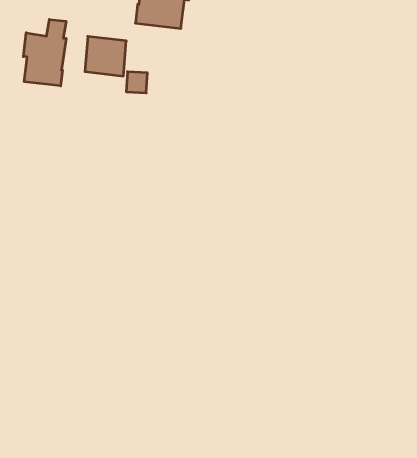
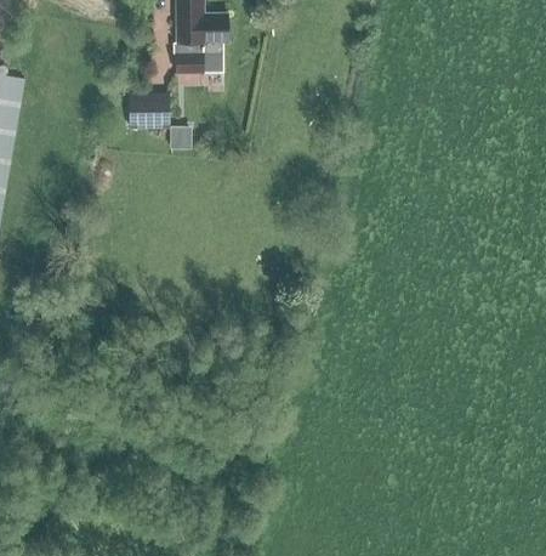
building: [23,19,66,86] -> none

